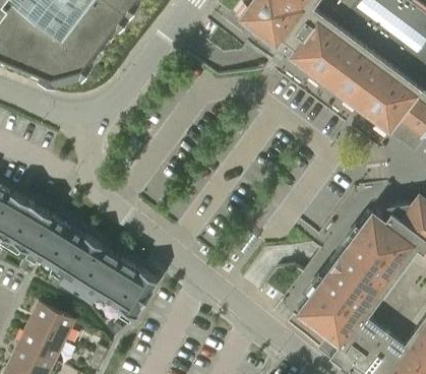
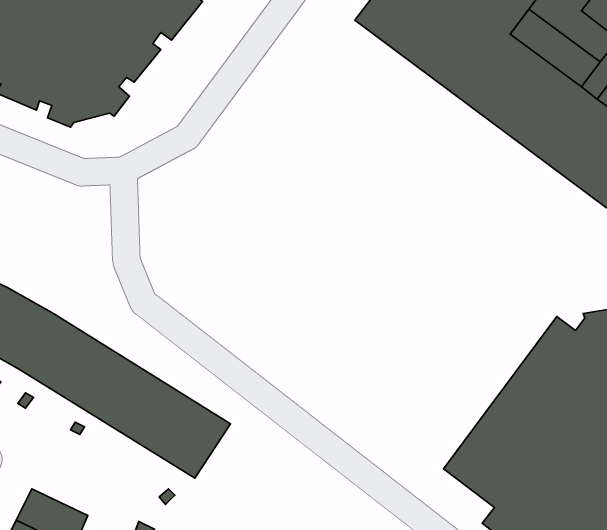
building: [27,303,75,341] -> none

